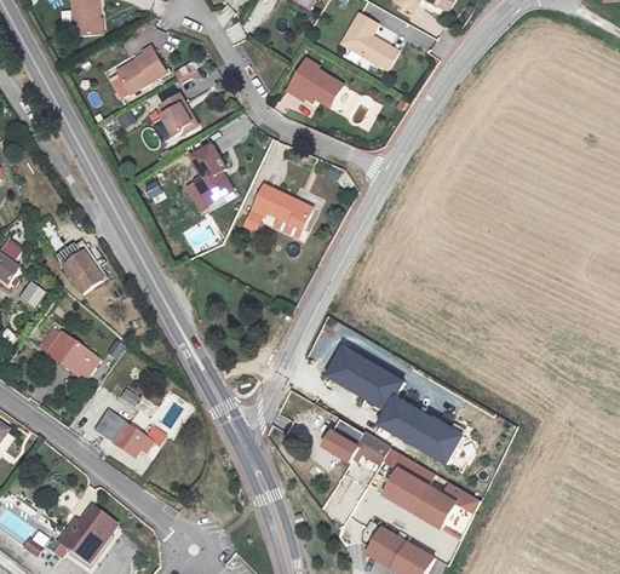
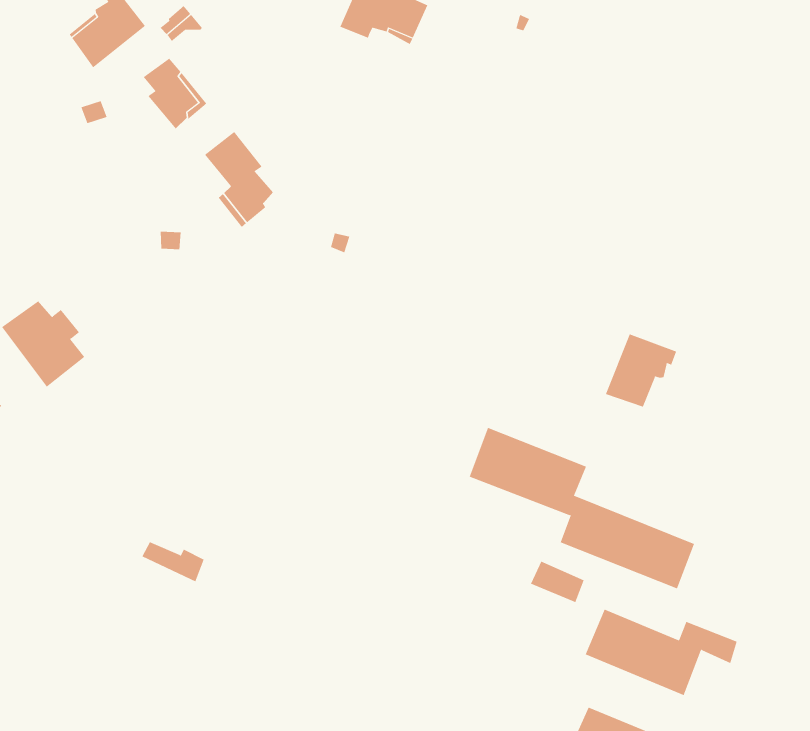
building: [246,182,314,225] -> none
building: none -> [605,333,677,408]
building: [47,338,98,385] -> none
building: [101,404,157,460] -> none
building: [321,419,364,465] -> none

